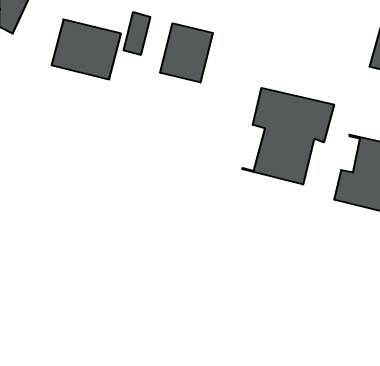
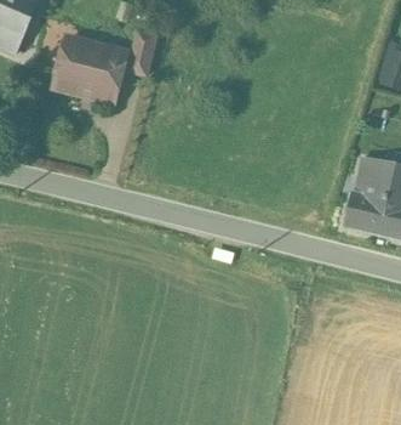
building: [160,23,213,83] -> none
building: [242,88,334,185] -> none

